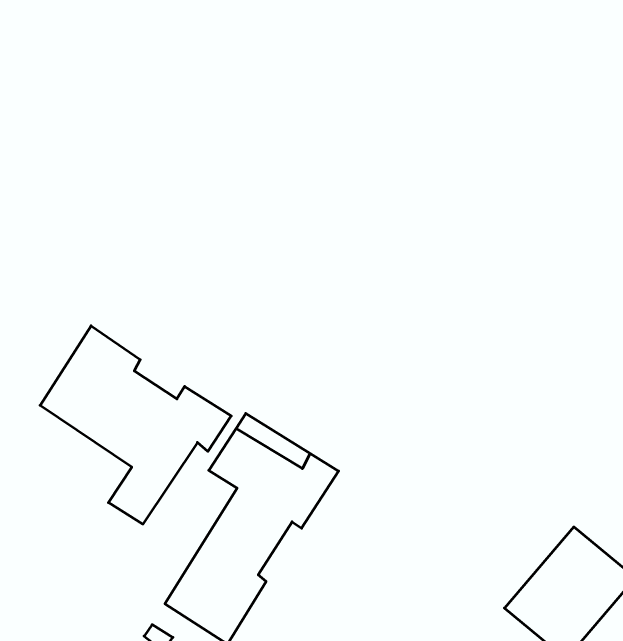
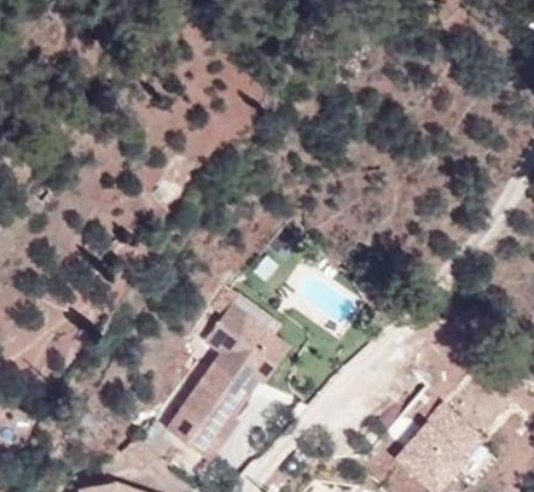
building: [40,326,231,524] -> none

